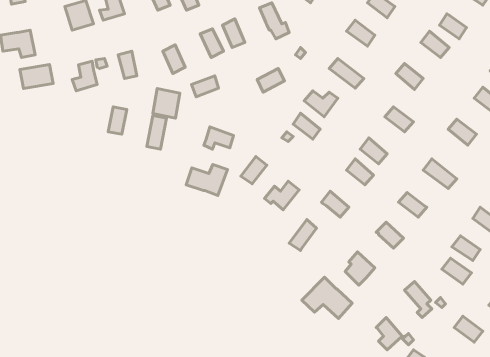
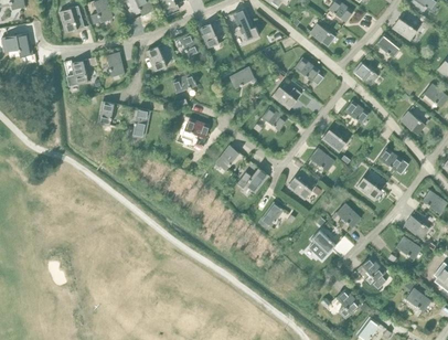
building: [20,65,53,89] -> none
building: [153,89,180,118] -> none
building: [186,164,227,195] -> none
building: [302,277,352,318] -> none

